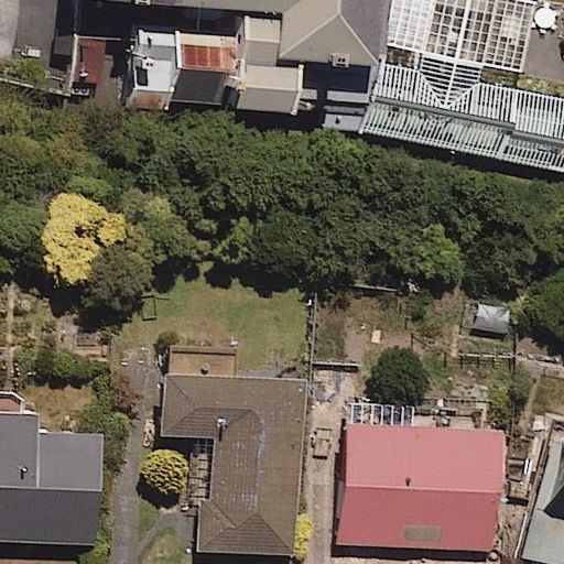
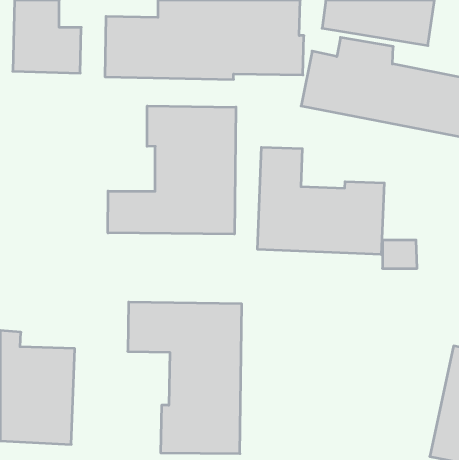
building: none -> [108,106,236,234]
building: none -> [258,147,384,255]
building: [340,398,500,553] -> none

